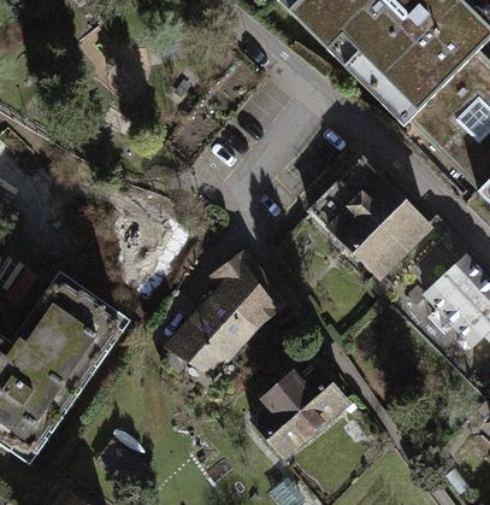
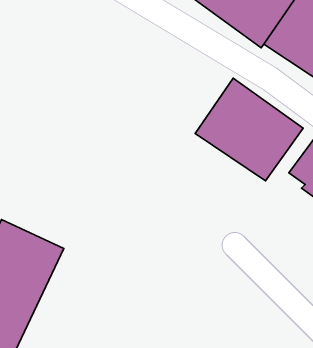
building: [163,249,288,381] -> none
building: [253,366,350,459] -> none

